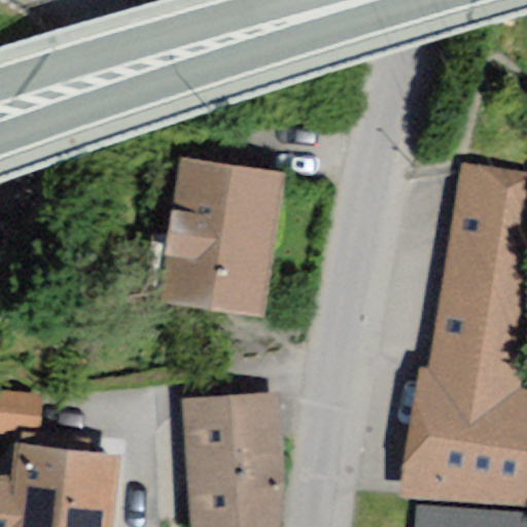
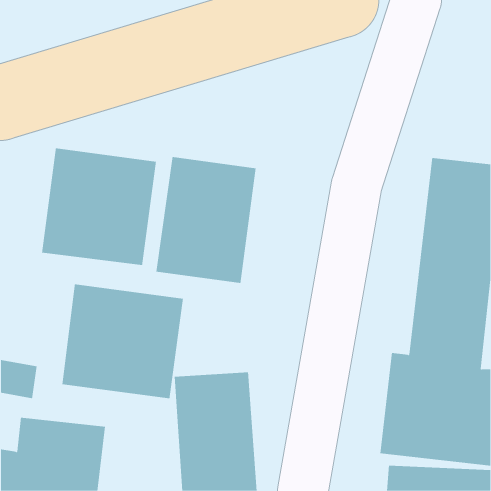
building: none -> [41,147,156,266]
building: none -> [62,283,184,399]

